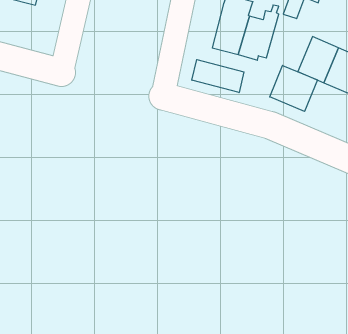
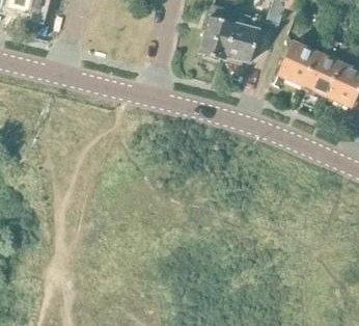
building: [192,60,244,93] -> none
building: [270,65,317,111] -> none

